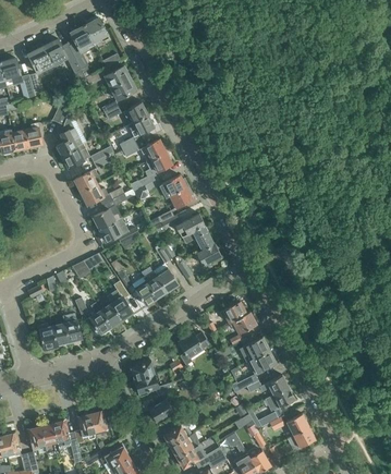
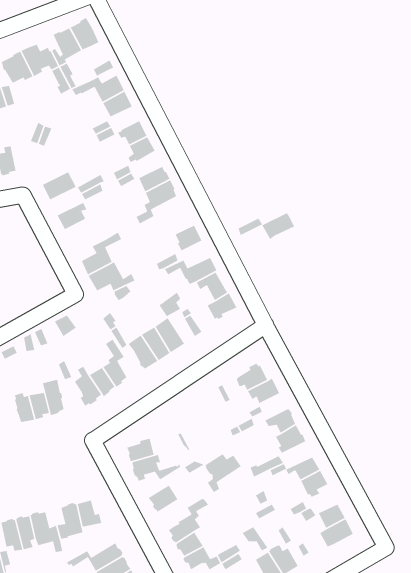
building: [57,125,87,155] -> none
building: [139,175,186,198] -> [238,212,295,240]
building: [81,183,124,205] -> none
building: [178,332,208,365] -> [204,453,242,493]

